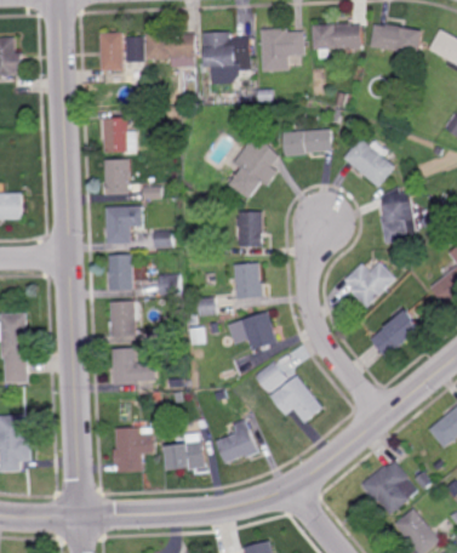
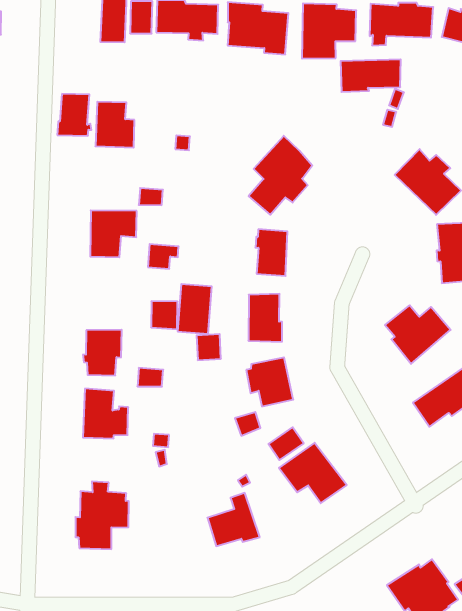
building: [281,130,330,159] -> [341,59,401,92]
building: [104,160,131,194] -> [57,94,91,136]
building: [108,252,132,290] -> [178,284,212,334]
building: [162,433,205,471] -> none

